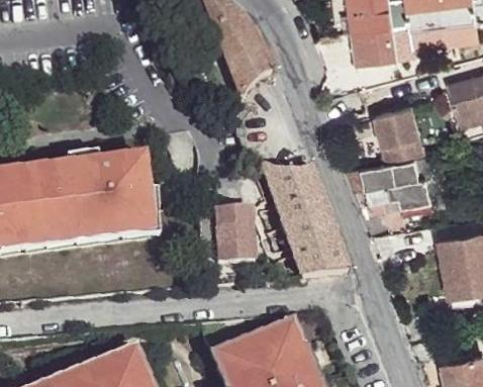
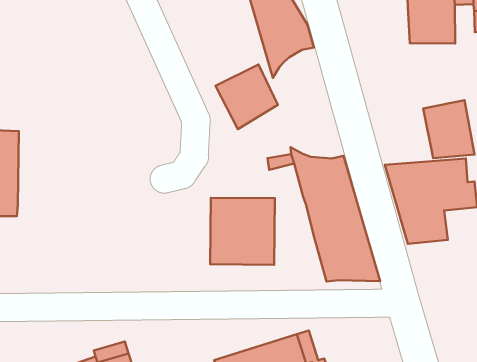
building: none -> [215,64,278,129]
building: [26,159,158,230] -> none

